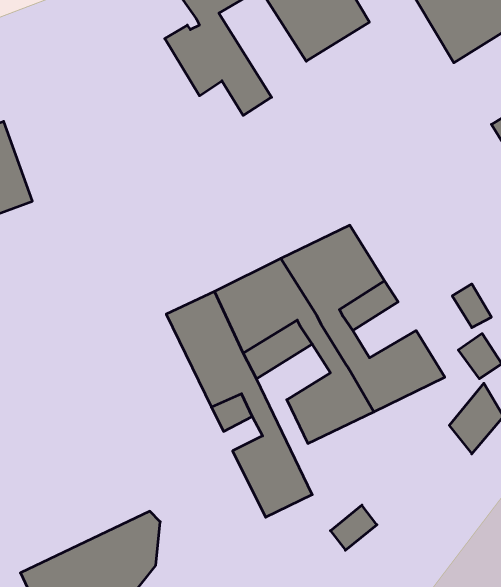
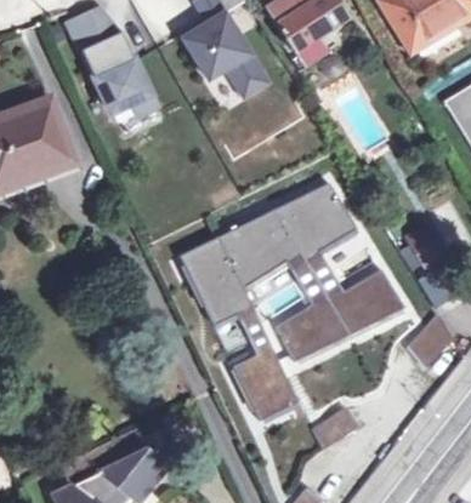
building: none -> [68,11,154,115]

